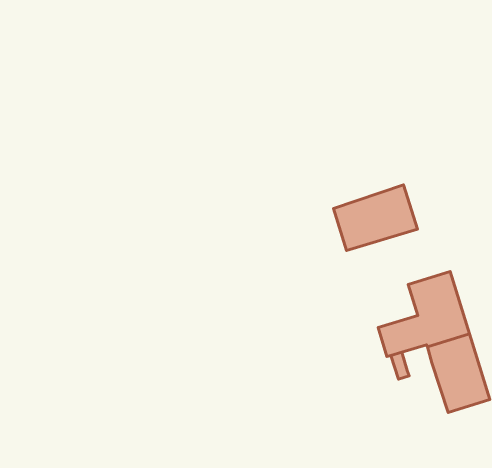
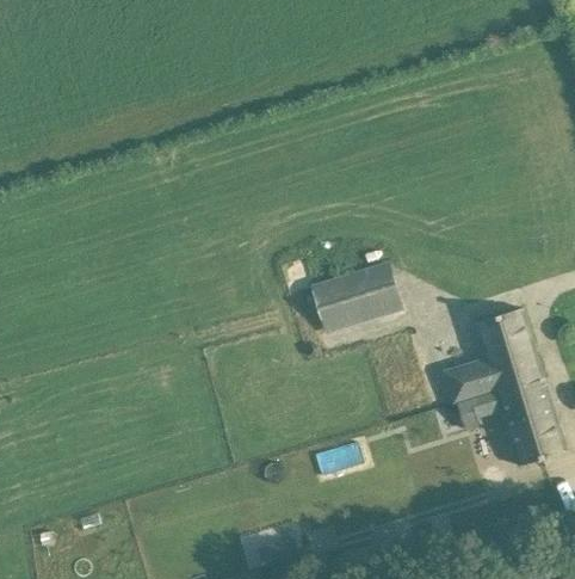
building: [333,185,417,251] -> [313,261,406,334]

